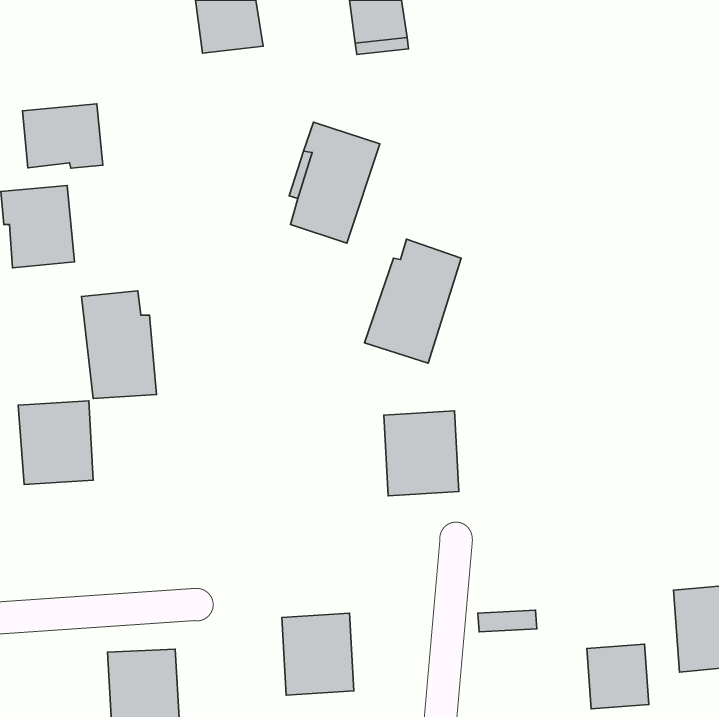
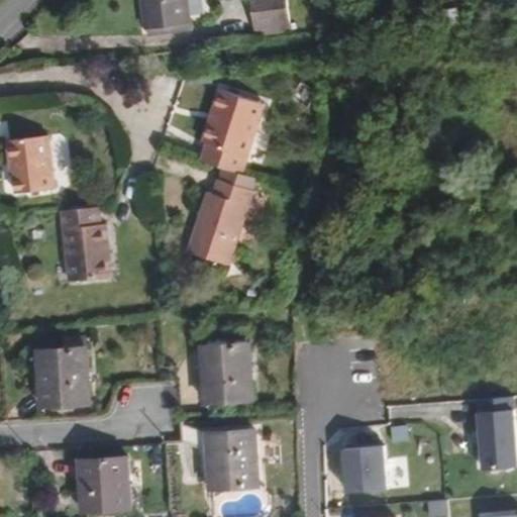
building: [23,104,103,168] -> none
building: [365,239,461,363] -> [188,179,255,266]
building: [18,401,93,484] -> [31,345,84,404]
building: [384,411,459,496] -> [197,342,249,402]
building: [587,644,649,709] -> [341,445,385,491]

